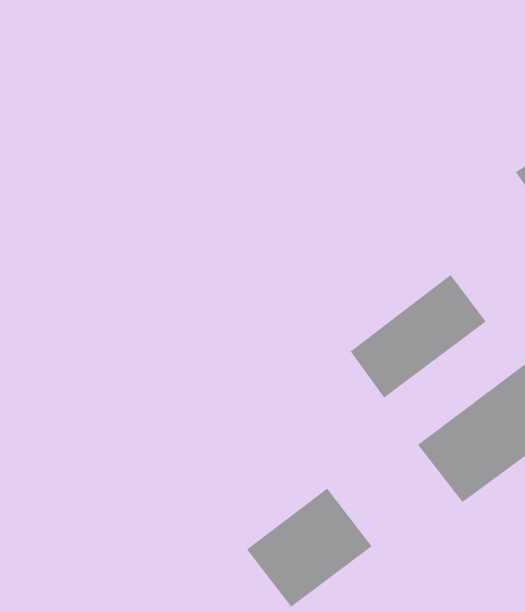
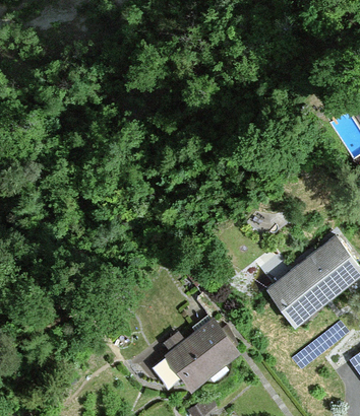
building: [350,274,486,399] -> none

